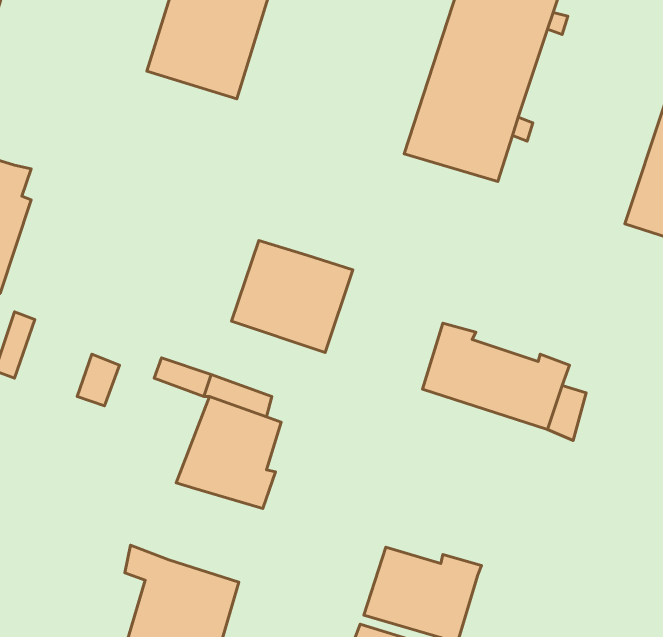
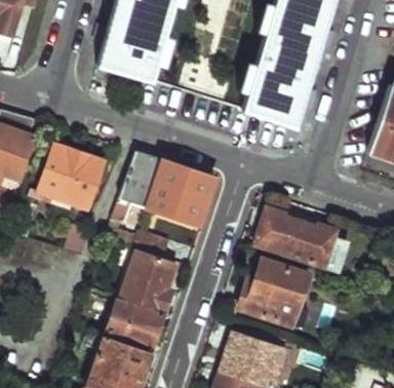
building: none -> [36,146,103,207]
building: none -> [111,151,163,222]
building: none -> [237,256,310,323]
building: none -> [113,299,165,351]

